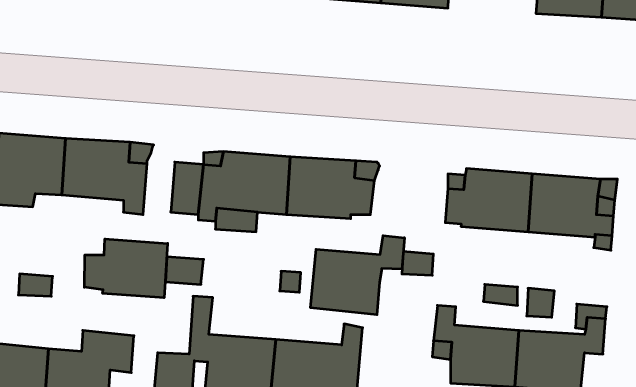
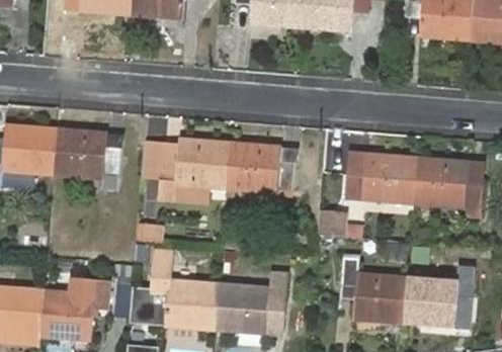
building: [311,236,404,315] -> none
building: [84,239,168,298] -> none

